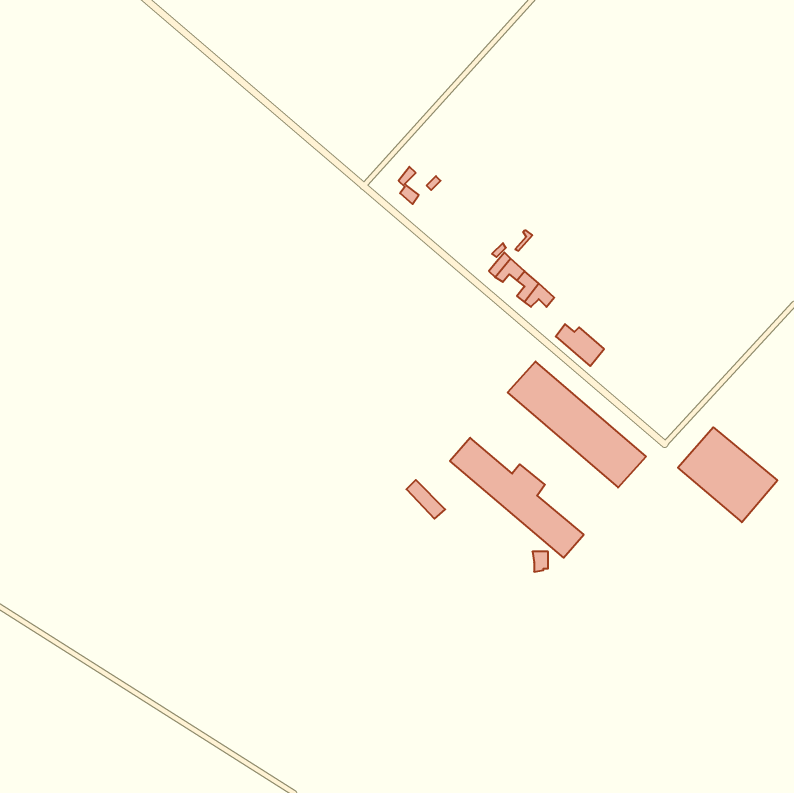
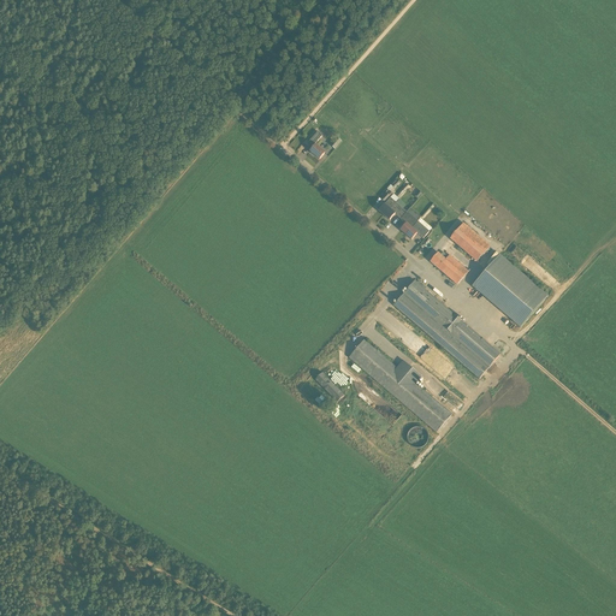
building: none -> [449,221,488,260]
building: [678,427,777,522] -> [470,253,547,326]

